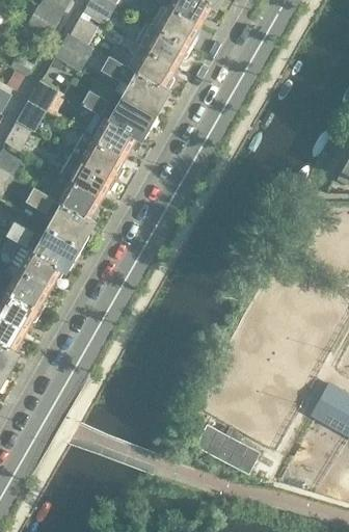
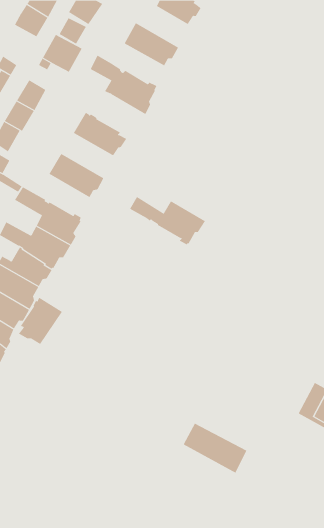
building: [156,6,199,48] -> none
building: [122,38,176,86] -> none
building: [80,90,157,139] -> [129,196,206,245]
building: [72,133,125,179] -> none
building: [48,175,101,218] -> none
building: none -> [18,297,63,345]

